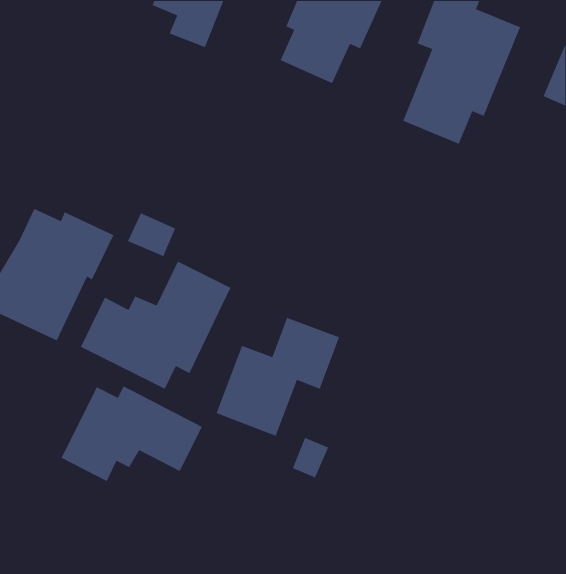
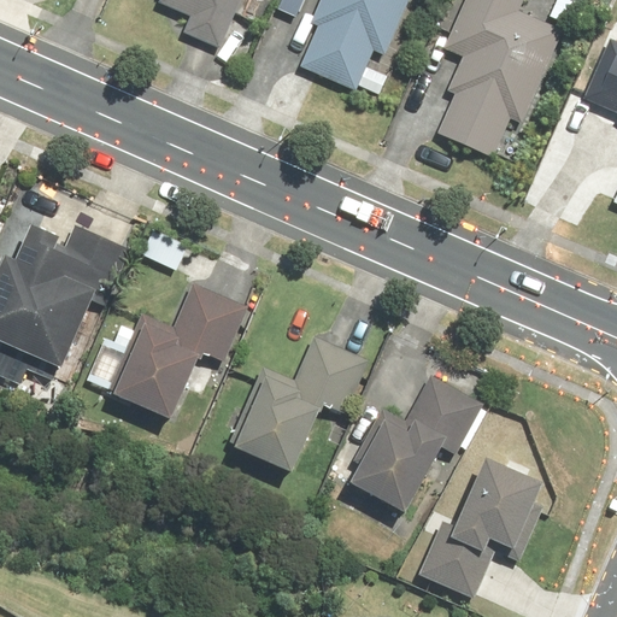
building: none -> [355,374,476,509]
building: [61,385,203,482] -> none
building: none -> [417,458,553,600]

